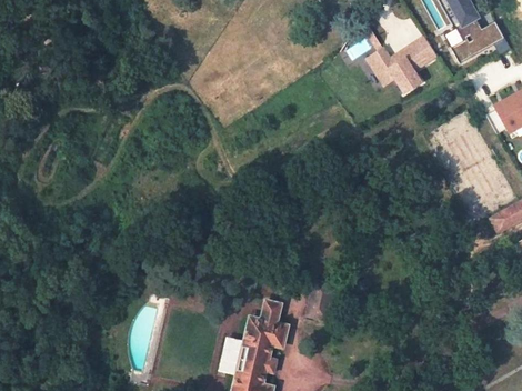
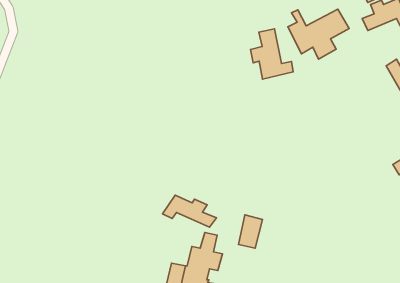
building: none -> [250,29,293,79]
building: none -> [163,195,216,227]

